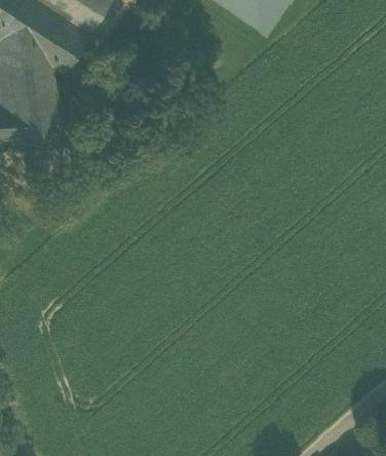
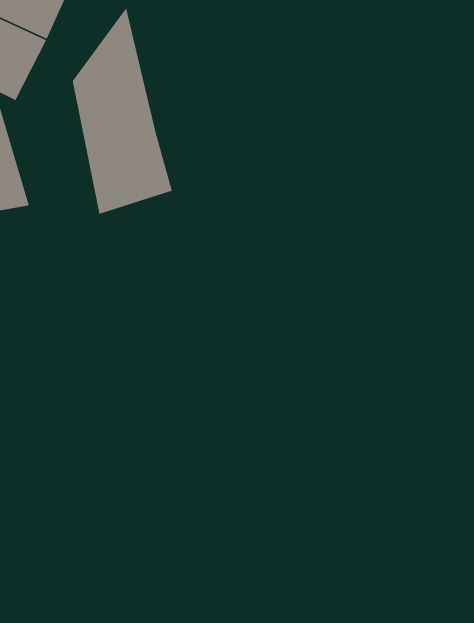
building: none -> [72,7,173,215]

